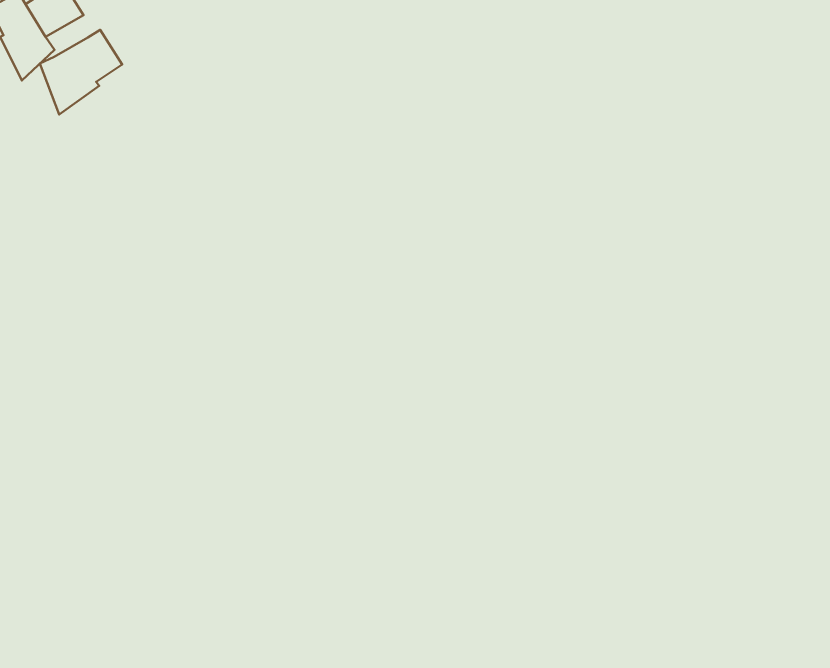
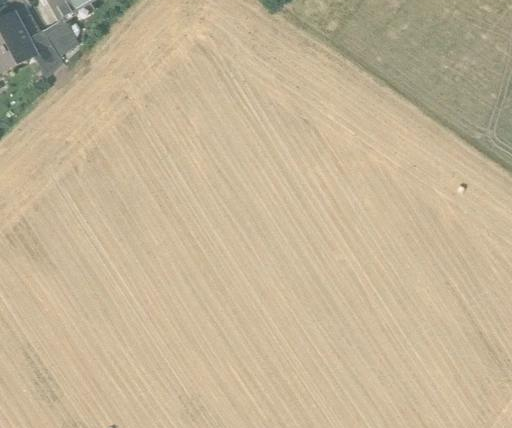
building: [40,30,122,115] -> none

